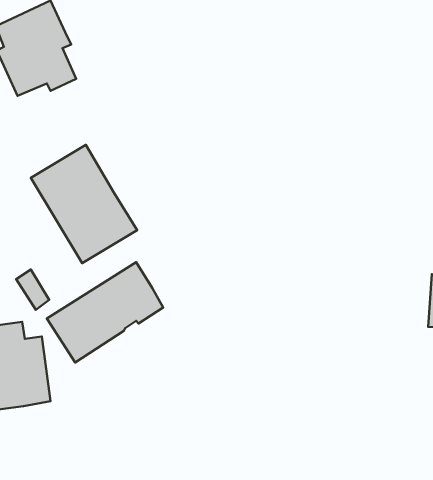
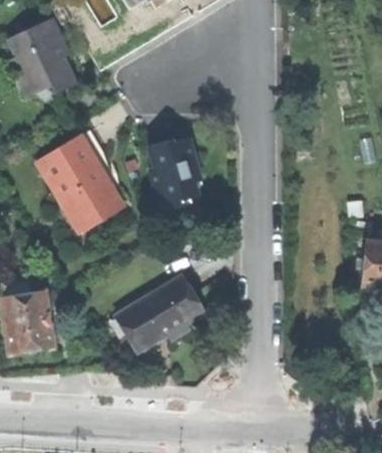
building: none -> [147,138,199,209]
building: [47,262,163,363] -> [108,274,204,357]

